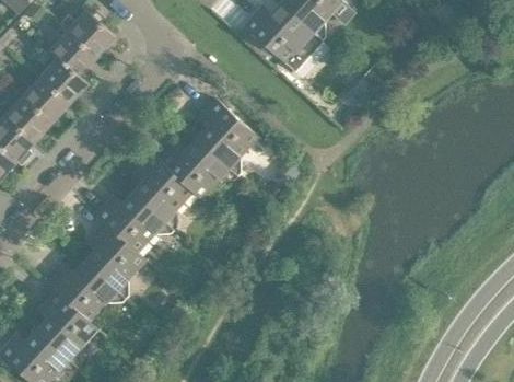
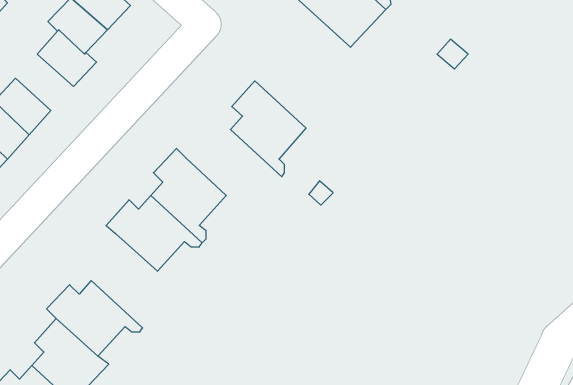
building: [23,77,70,123] -> none
building: [161,138,238,199] -> none
building: [84,222,147,299] -> none

